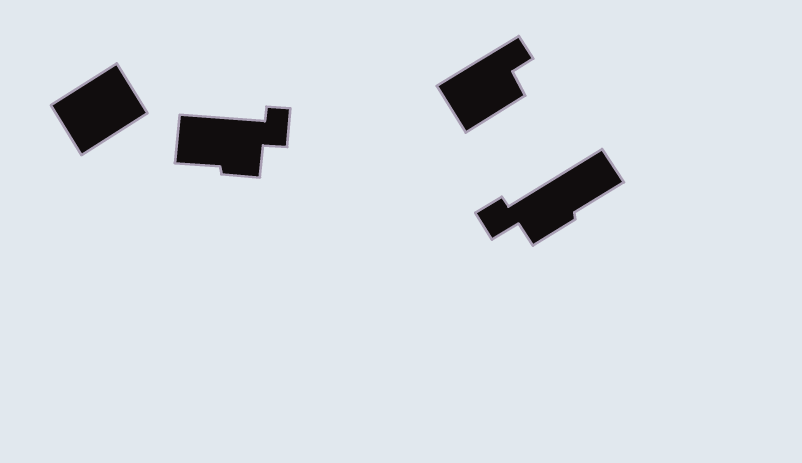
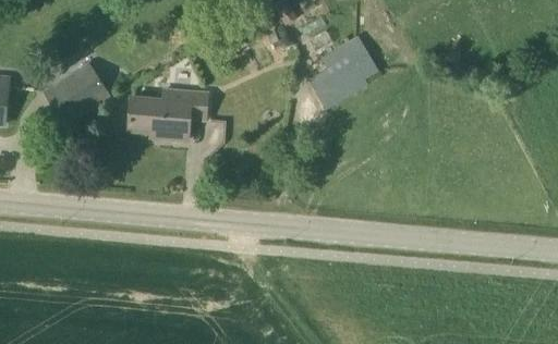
building: [475,149,624,246] -> none

